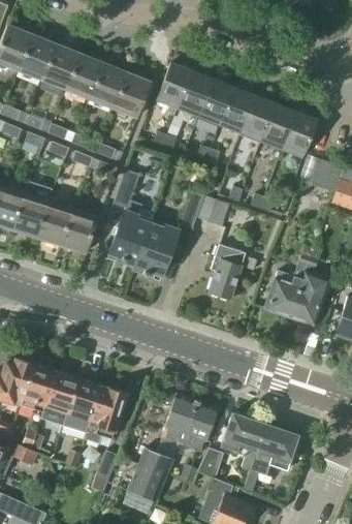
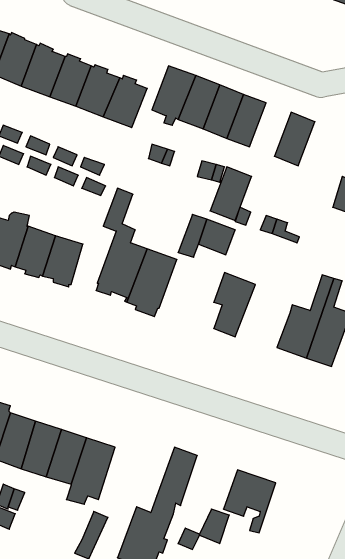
building: [241,94,277,141] -> [210,167,252,220]
building: [283,111,318,157] -> none
building: [174,401,215,458] -> none
building: [245,425,294,481] -> none

